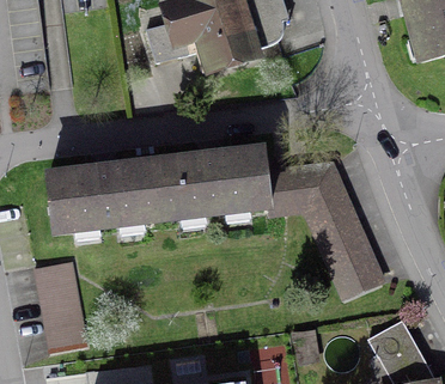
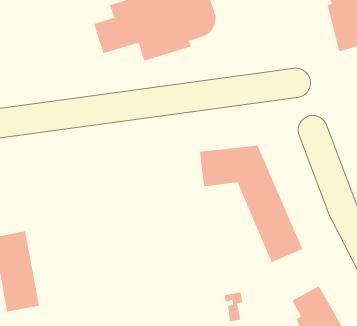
building: [49,152,269,230] -> none

